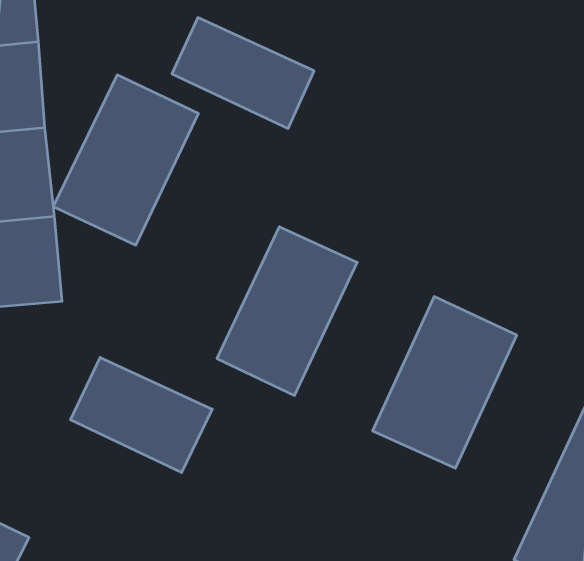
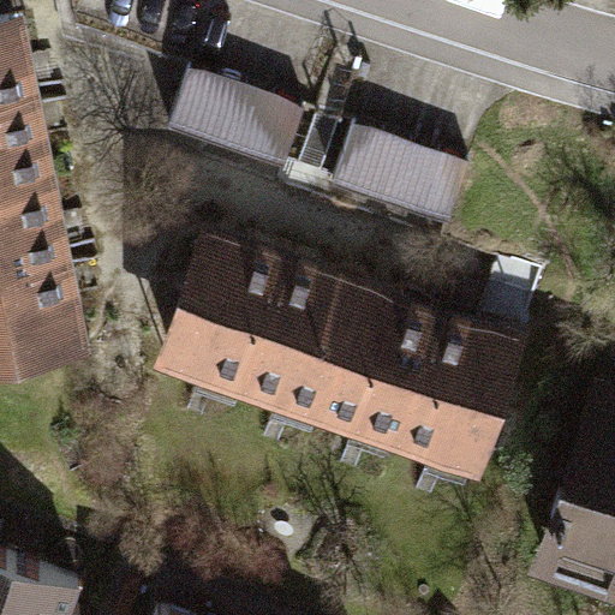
building: [53,75,198,245] -> [160,233,289,394]
building: none -> [335,126,471,222]
building: none -> [321,288,444,448]
building: [71,357,212,473] -> none

